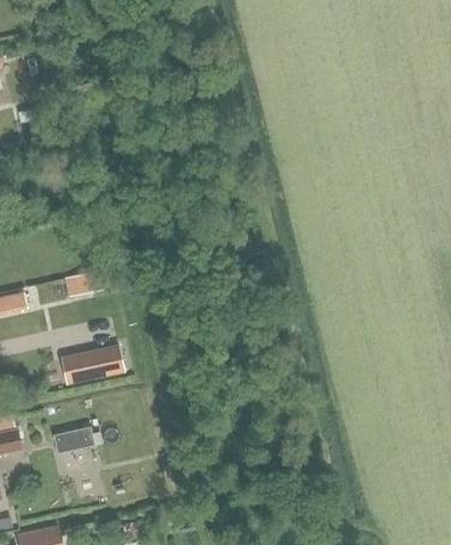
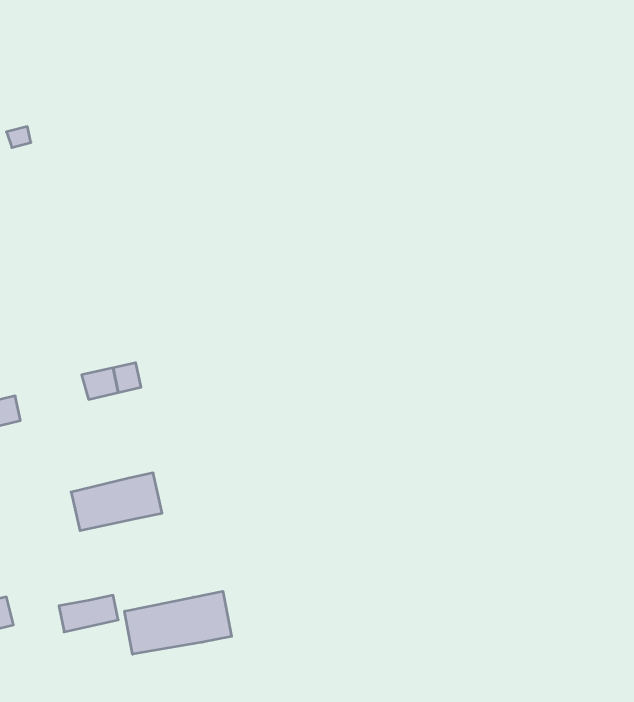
building: none -> [125,591,232,654]

